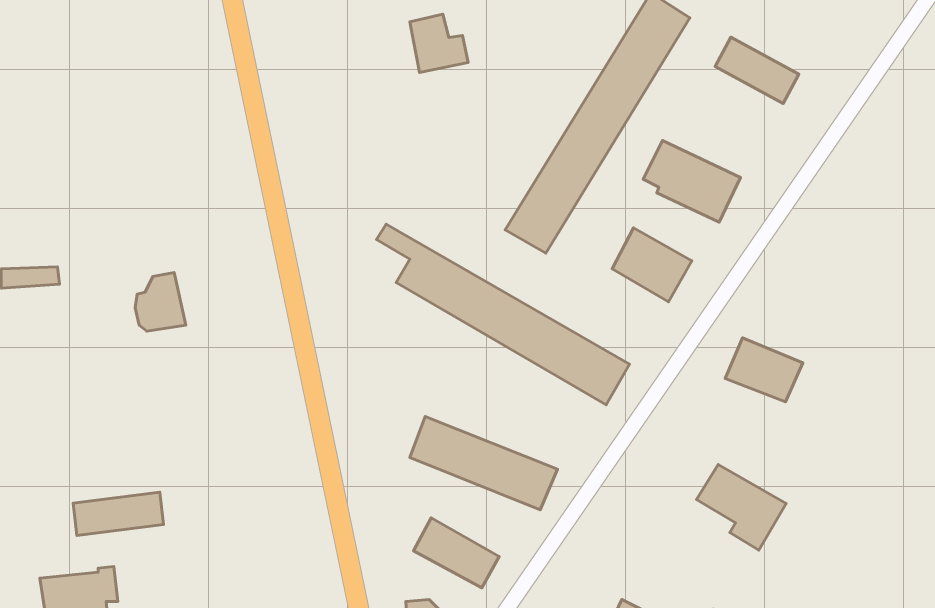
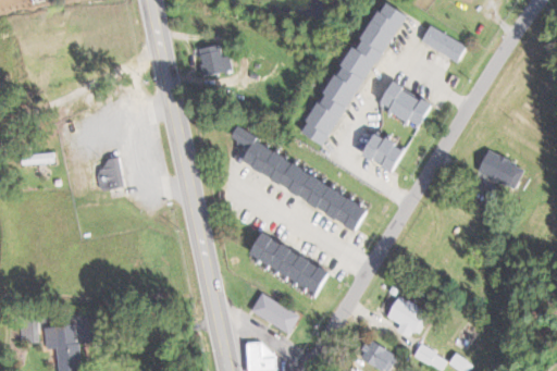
building: [410,14,468,72] -> [199,44,232,76]
building: [725,338,803,402] -> [475,151,519,187]
building: [697,464,786,550] -> [376,292,426,339]
building: [73,492,164,535] -> none

